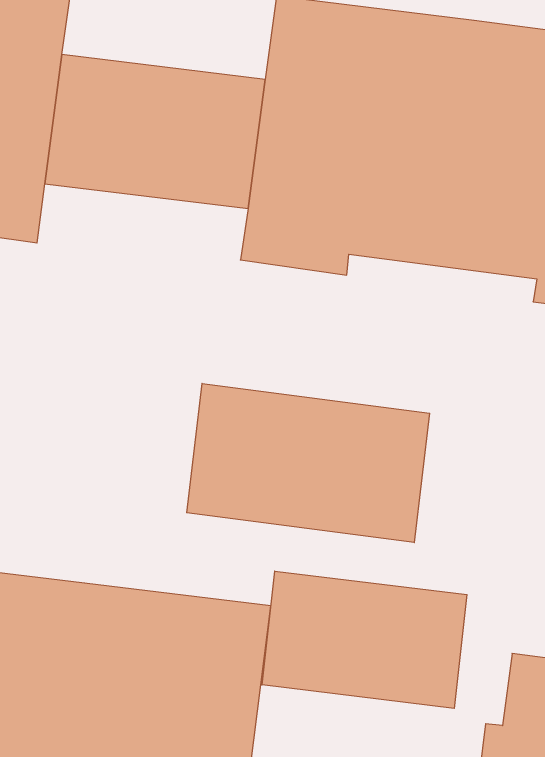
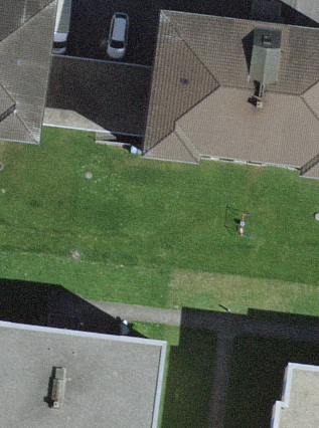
building: [187,383,430,543] -> none
building: [262,571,467,708] -> none

